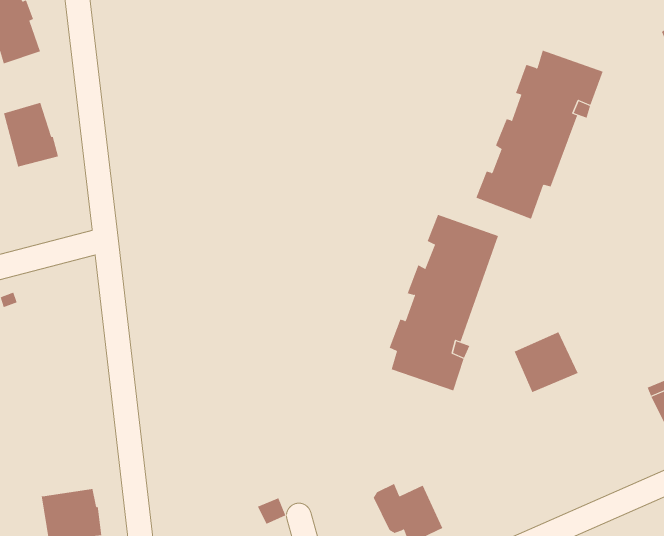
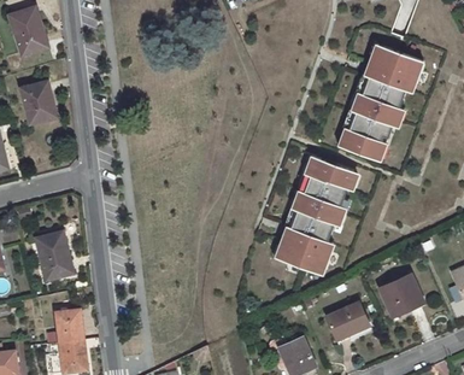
building: none -> [36,230,71,279]
building: [514,332,579,393] -> [380,273,423,314]
building: none -> [325,300,369,339]
building: none -> [47,309,82,342]

